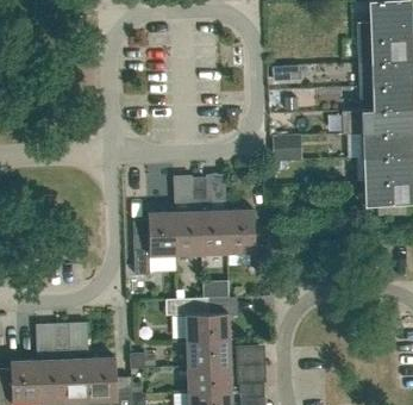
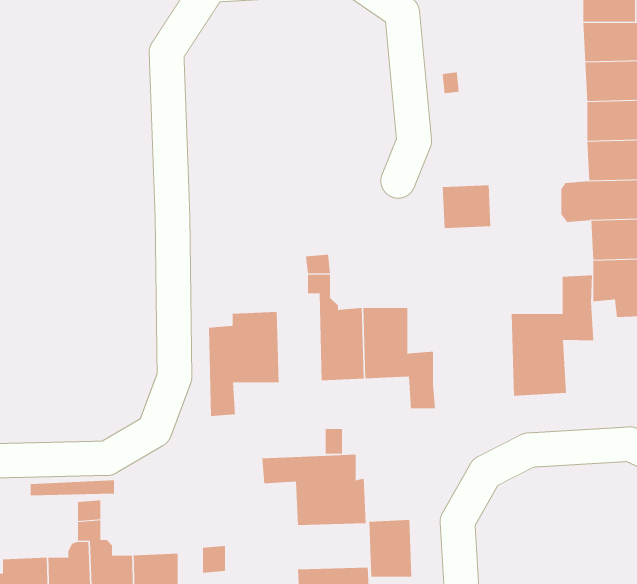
building: none -> [511,274,594,396]
building: [175,201,201,255] -> none
building: [187,339,230,367] -> none

